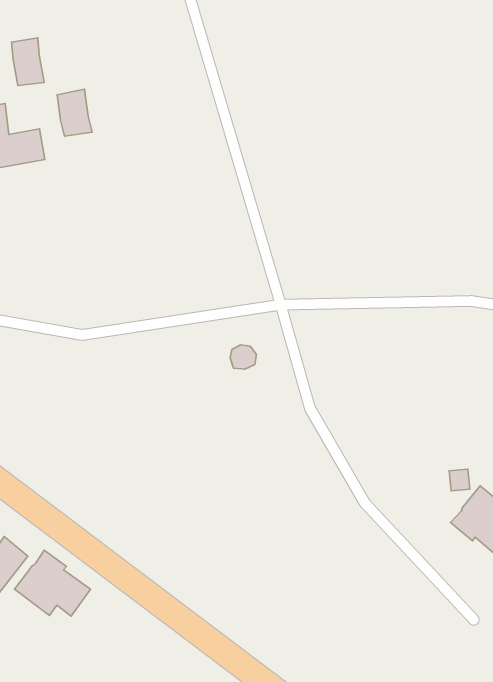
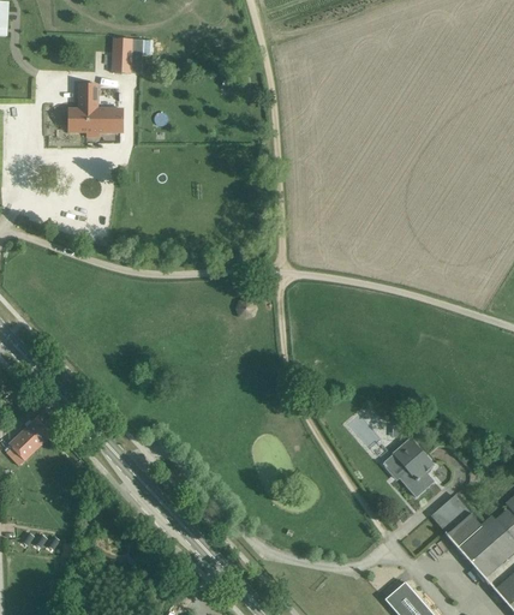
building: [57,89,92,136] -> none
building: [15,550,90,616] -> none

